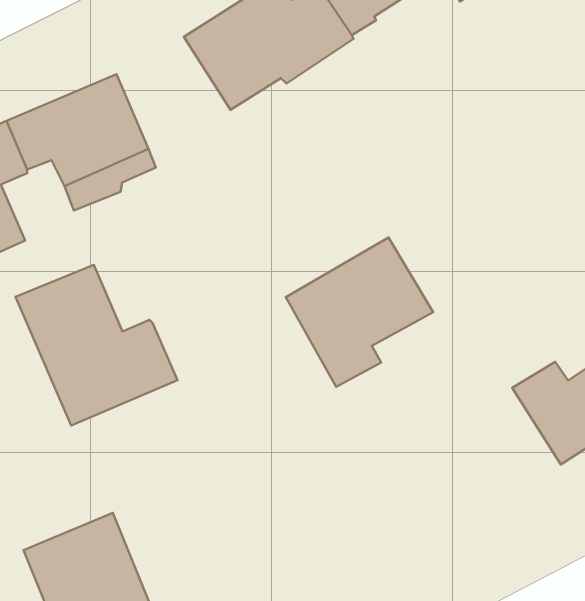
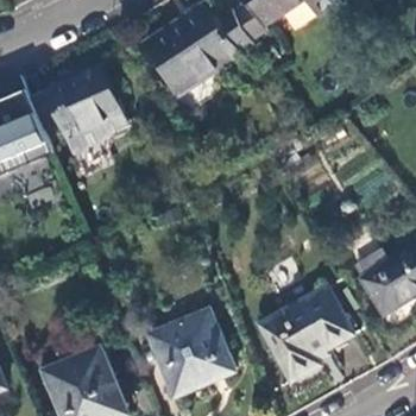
building: [286,237,433,387] -> [259,286,353,382]
building: [16,265,178,426] -> none
building: none -> [147,308,234,393]

